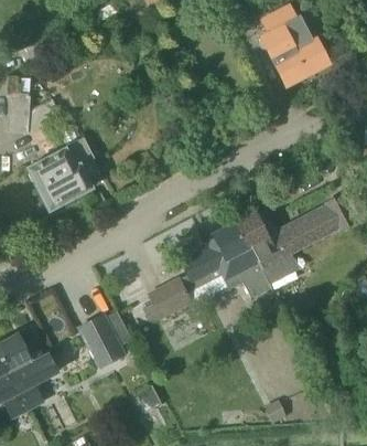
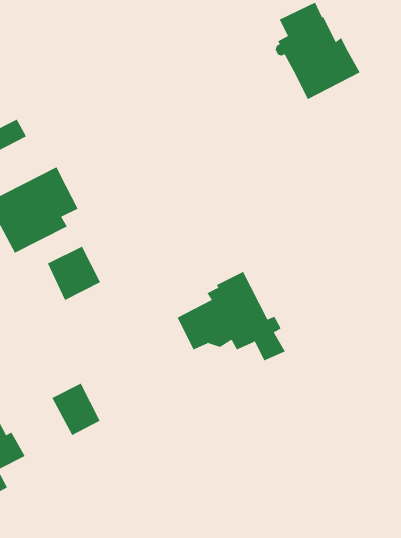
building: [235,193,357,289] -> none
building: none -> [47,246,101,301]
building: [149,278,192,318] -> none

